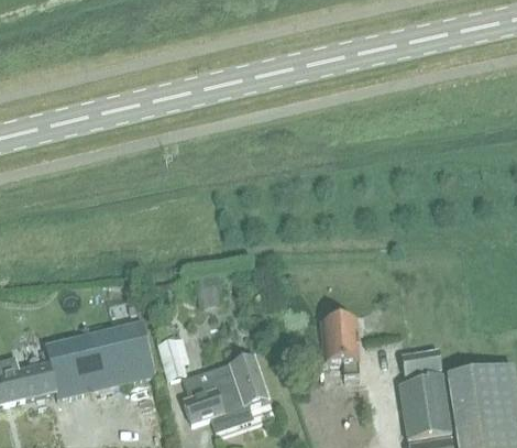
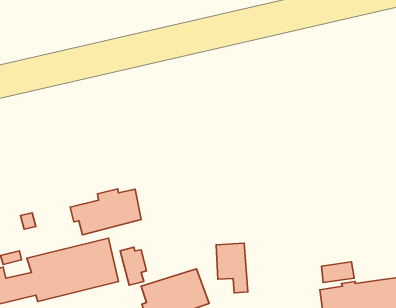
building: none -> [70,189,141,235]
building: [321,317,360,378] -> [216,243,248,293]

